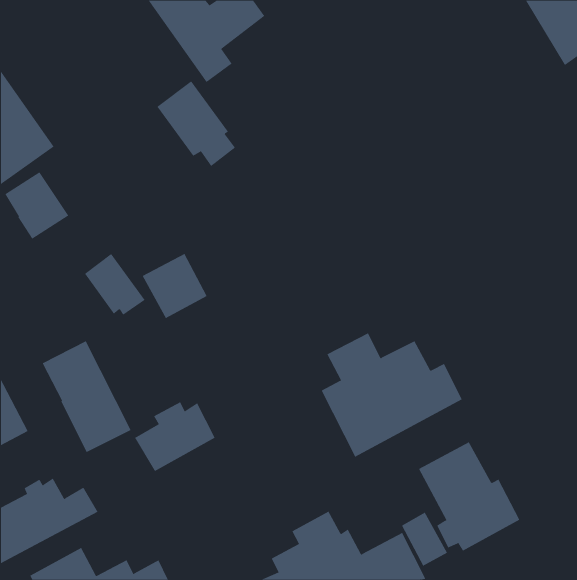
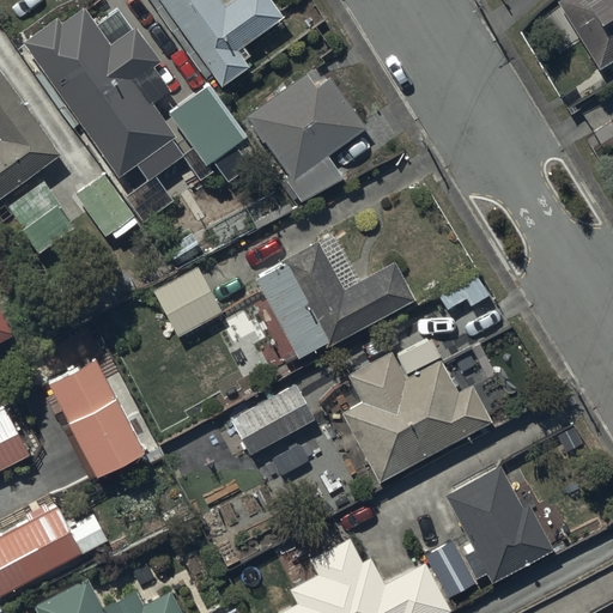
building: none -> [23,6,183,181]
building: none -> [244,74,366,202]
building: none -> [254,239,415,359]
building: [84,253,145,316] -> [74,172,139,238]
building: [134,401,216,472] -> [229,381,315,455]

